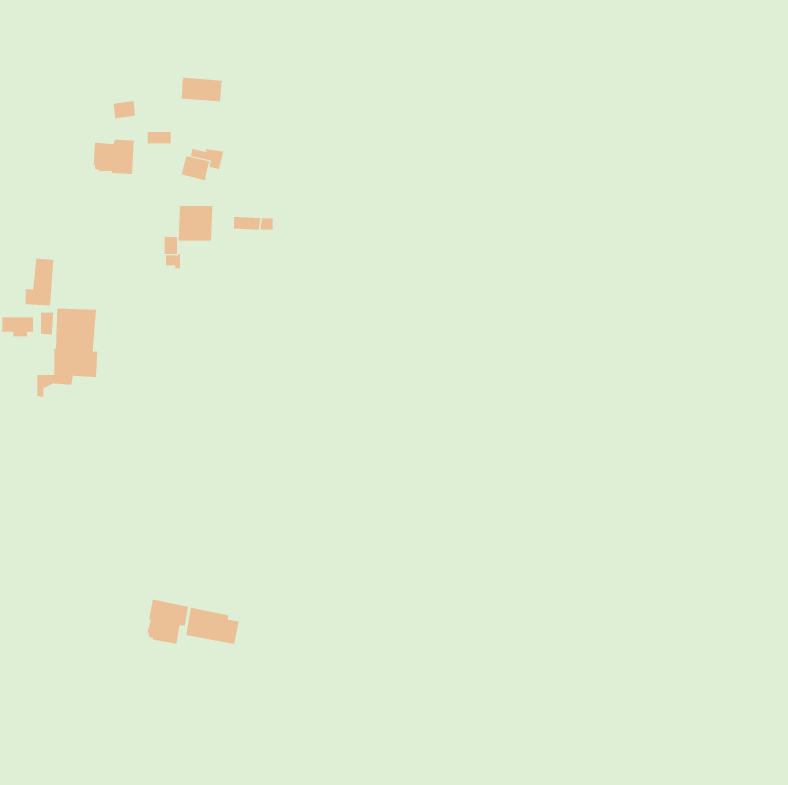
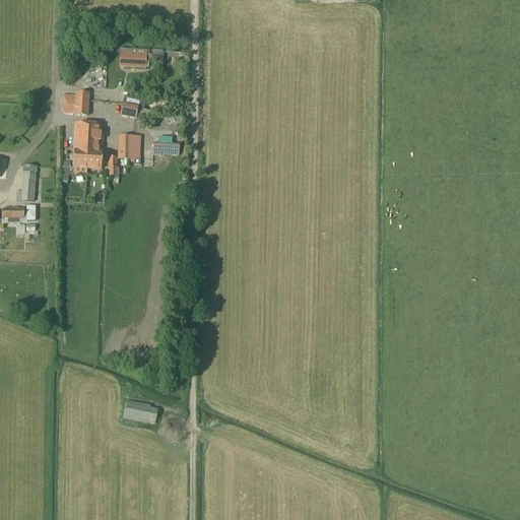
building: [36,308,98,398] -> [62,123,103,182]
building: [147,599,189,645] -> none

